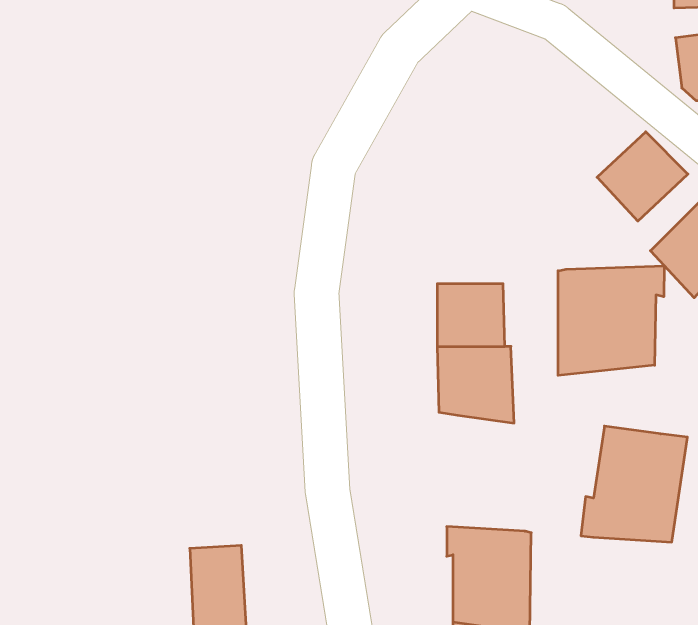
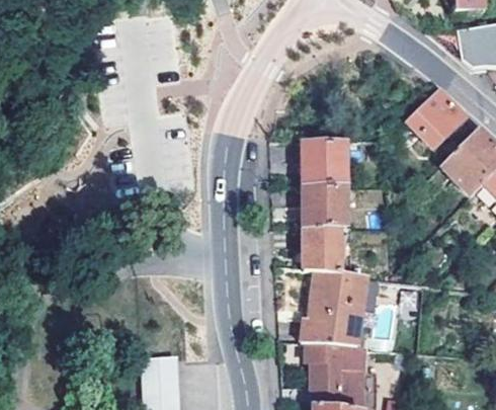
building: none -> [301,141,344,187]
building: [558,266,664,375] -> none
building: [581,426,687,542] -> [300,272,368,347]

